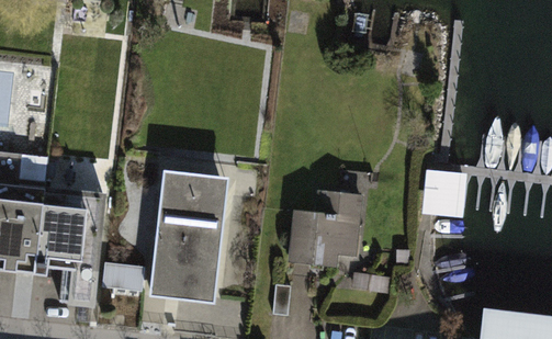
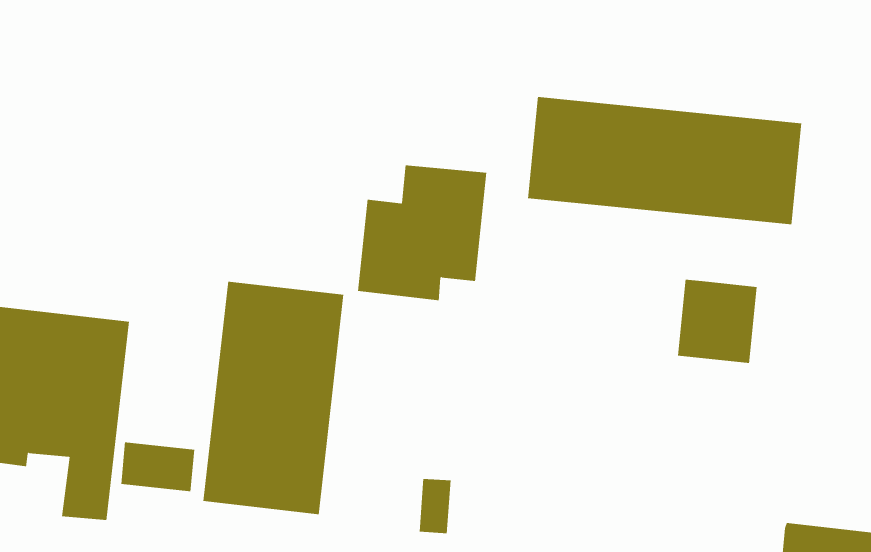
building: none -> [528,96,802,225]
building: [289,189,363,267] -> [357,165,487,301]

